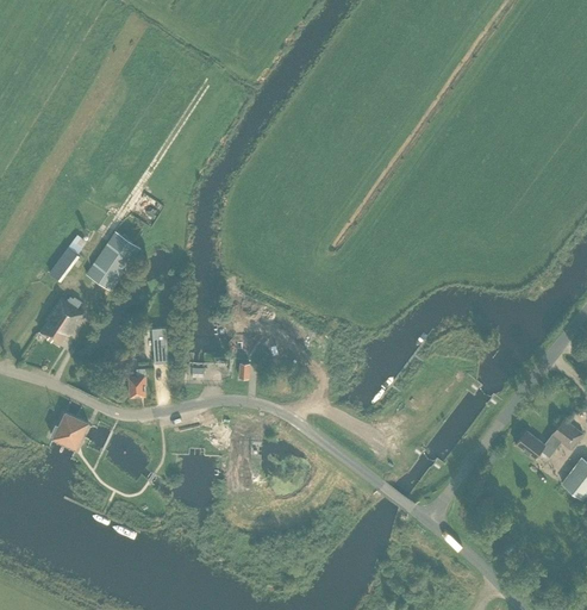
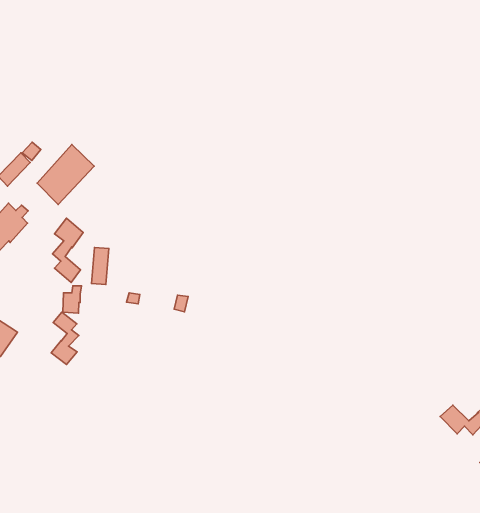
building: none -> [52,218,83,283]
building: none -> [51,312,79,365]

